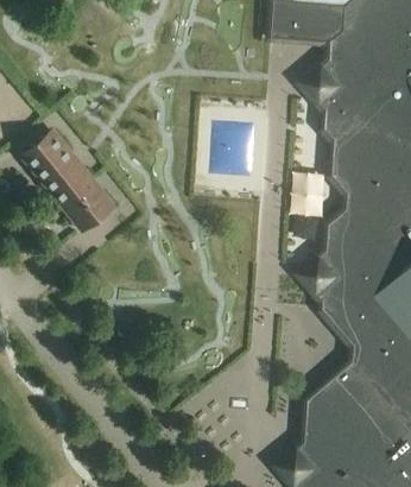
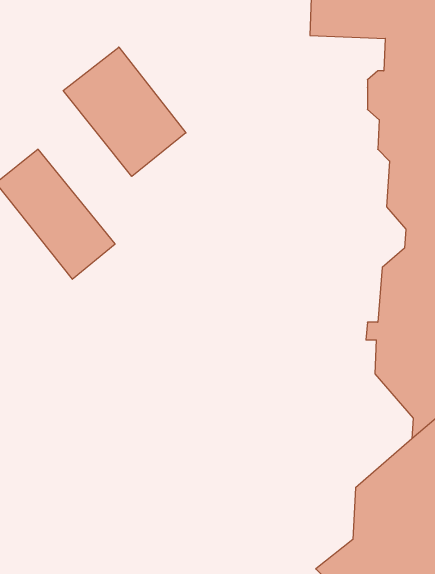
building: none -> [63,47,186,176]

